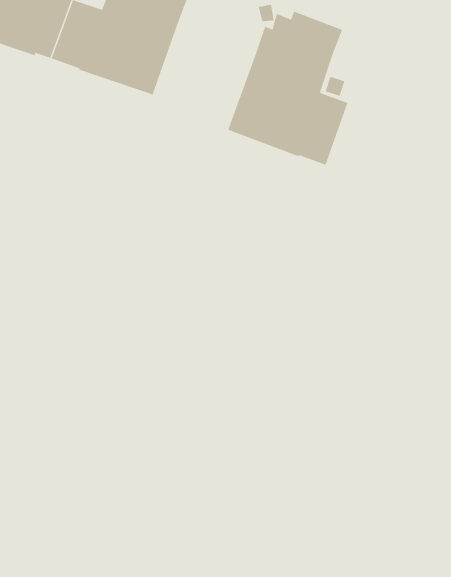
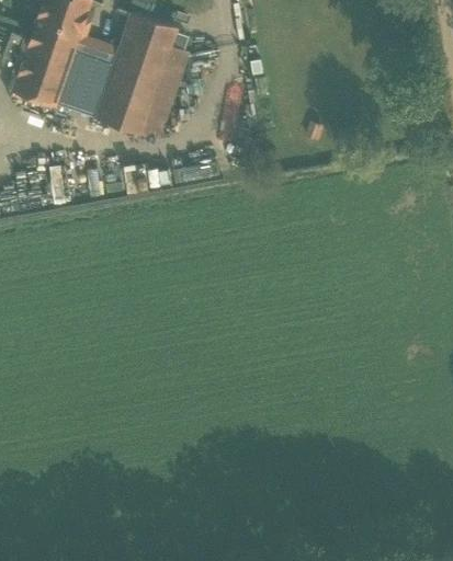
building: [228,11,348,165] -> none

